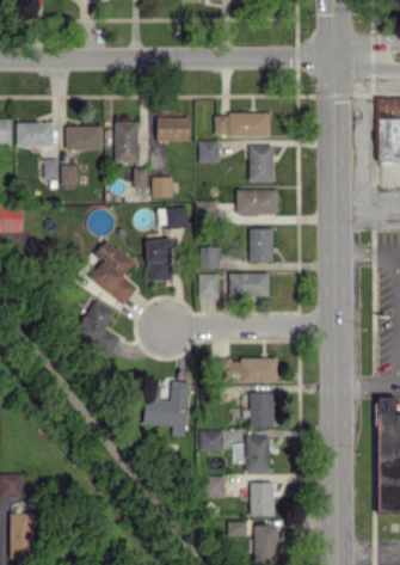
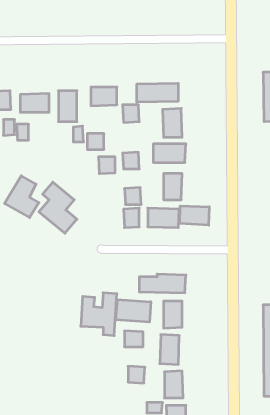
building: [147,239,172,281] -> none
building: none -> [180,206,209,225]
building: [74,300,118,354] -> [5,176,39,218]
building: none -> [116,300,151,322]

